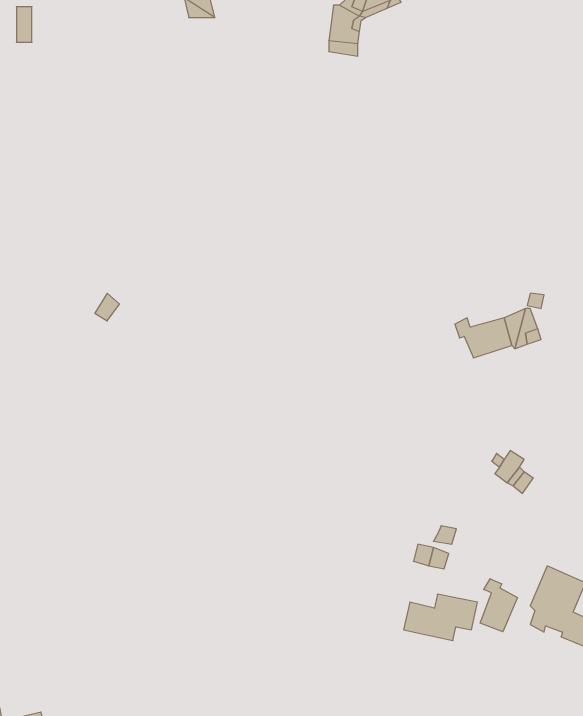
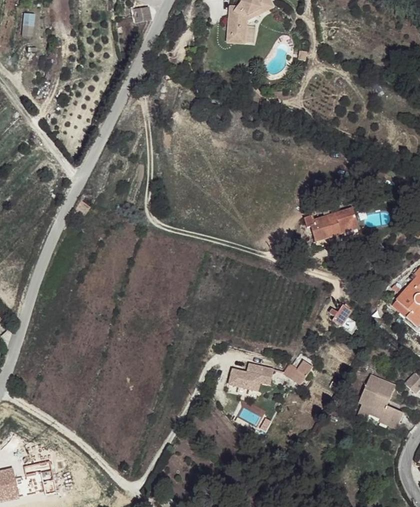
building: [480,579,517,632] -> none
building: [404,594,477,641] -> [226,361,274,391]

